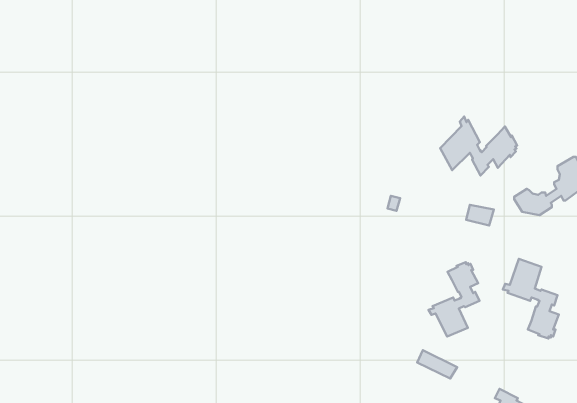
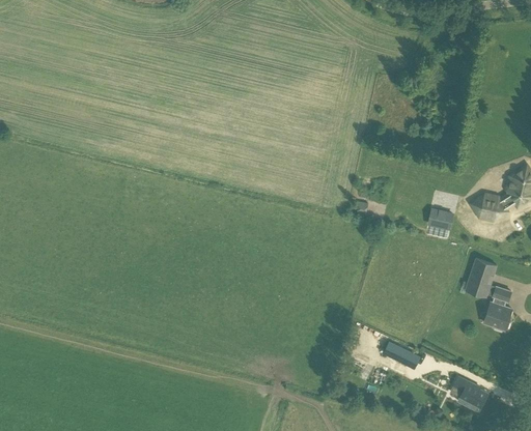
building: [440,116,517,175] -> none
building: [429,262,479,337] -> none

